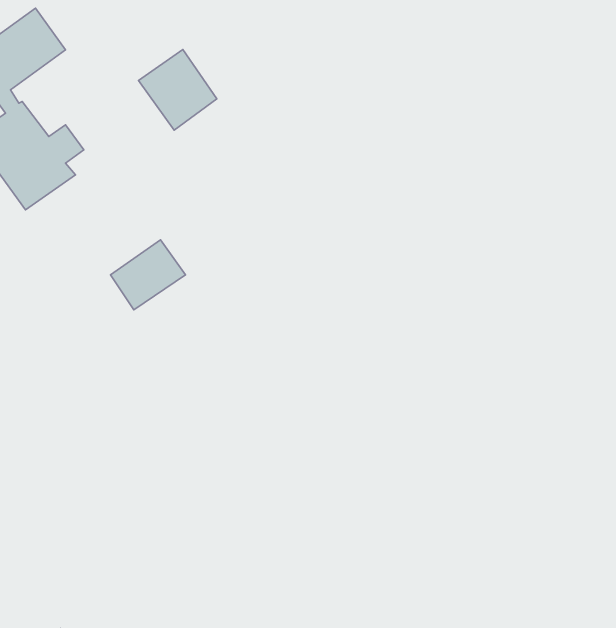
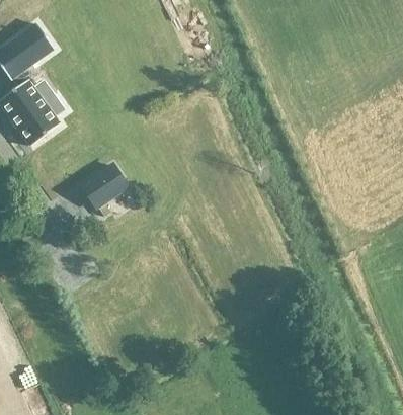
building: [138,50,217,130] -> none

